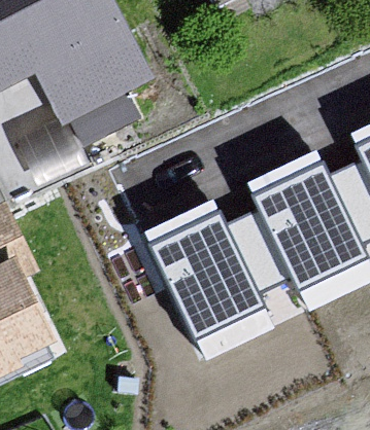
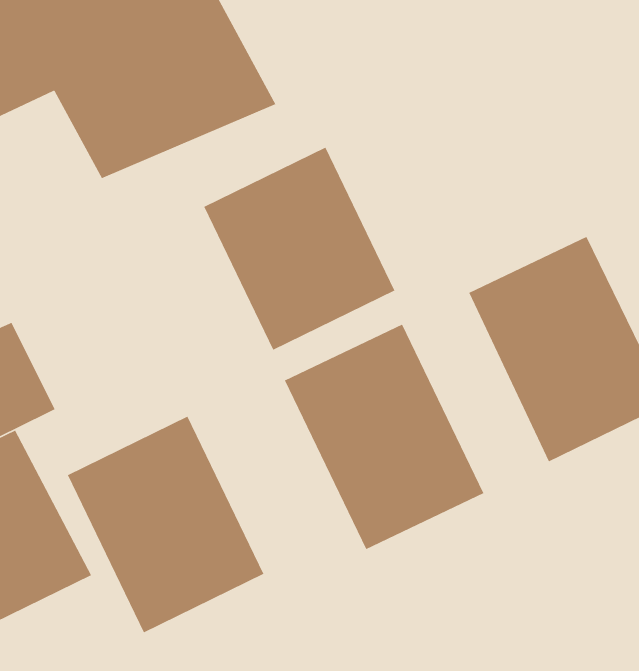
building: none -> [203,147,396,351]
building: none -> [67,415,264,634]

